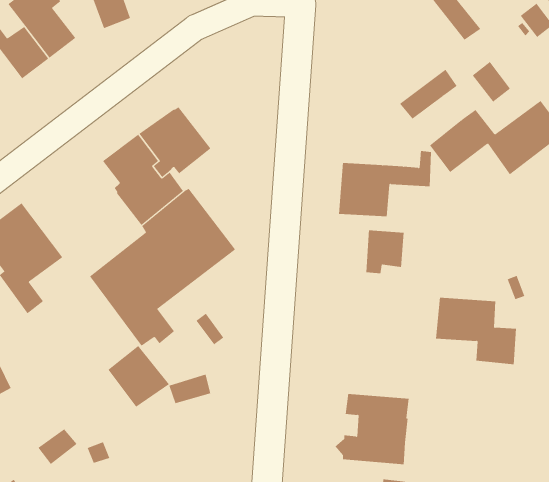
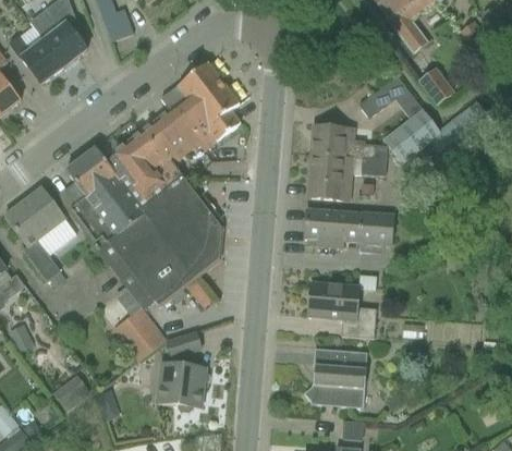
building: none -> [160,62,240,149]
building: none -> [310,125,376,158]
building: none -> [57,144,145,249]
building: none -> [304,208,332,246]
building: none -> [361,212,392,244]
building: none -> [156,228,220,295]
building: [435,297,517,365] -> [307,281,376,338]
building: none -> [157,363,205,412]

